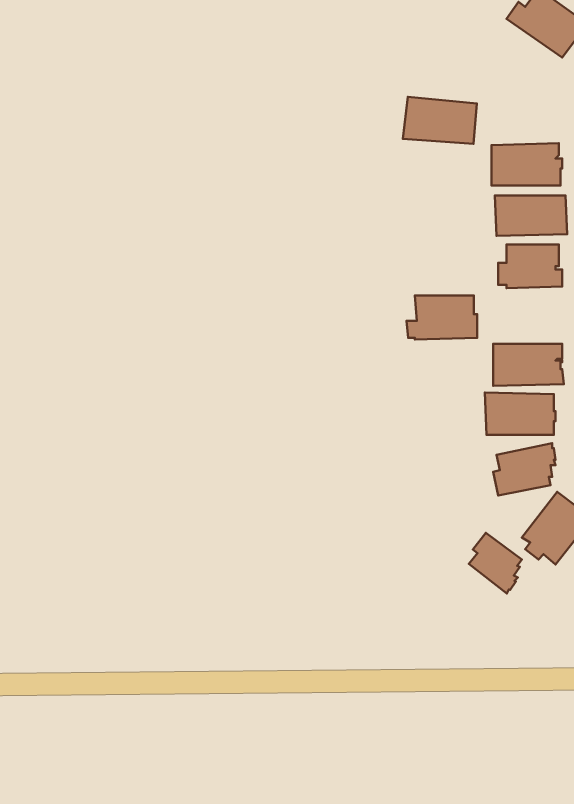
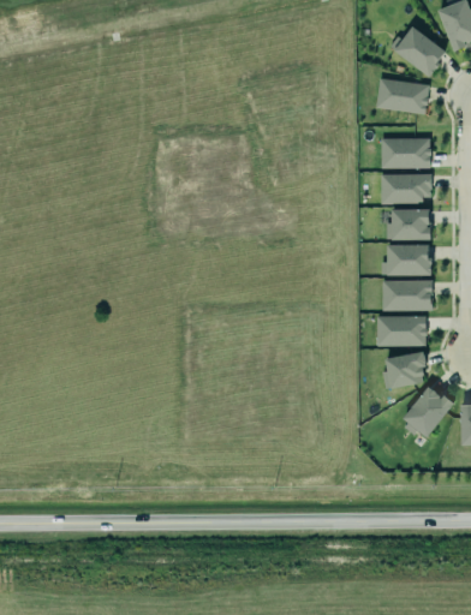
building: [403,97,477,144] -> [377,79,430,113]
building: [407,296,477,339] -> [380,244,430,275]
building: [469,533,522,593] -> none

